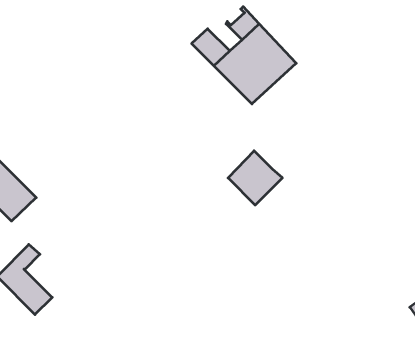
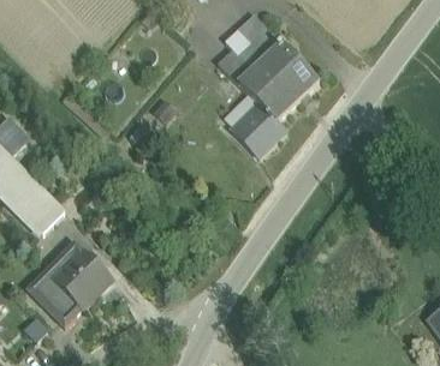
building: [228,151,282,205] -> [232,102,285,155]
building: none -> [53,251,112,310]

